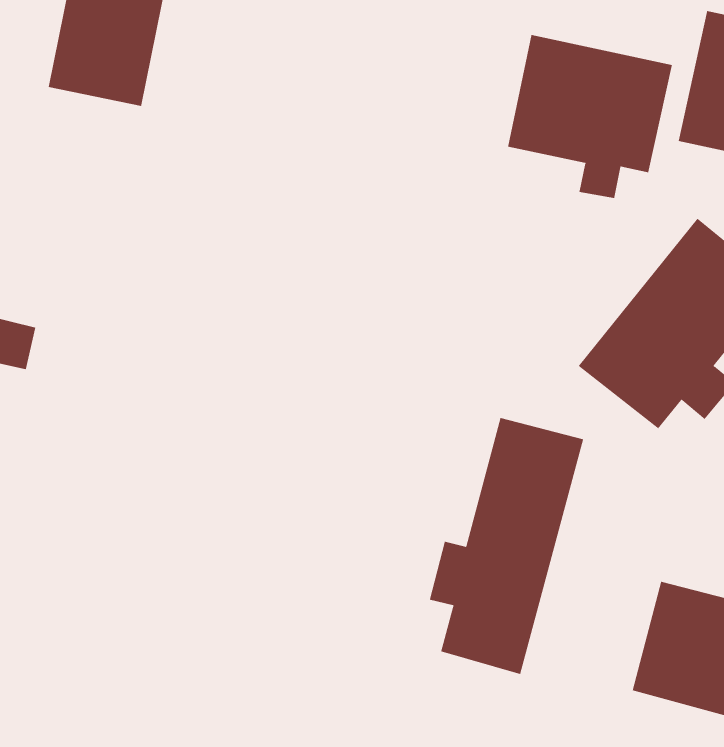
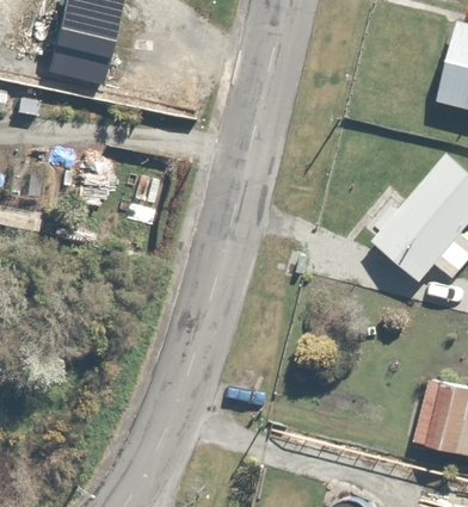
building: [508,34,673,199] -> none
building: [429,417,584,675] -> none

